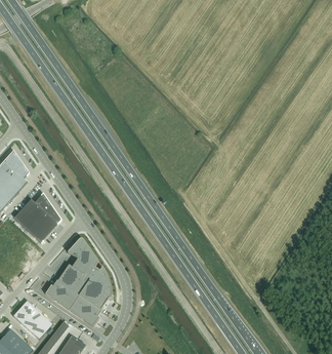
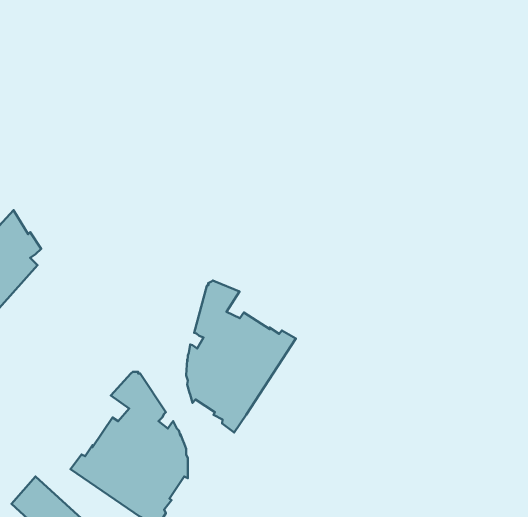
building: none -> [186,281,296,433]
building: [13,193,60,242] -> none

